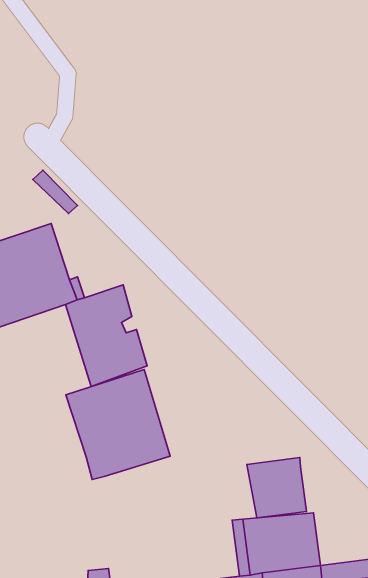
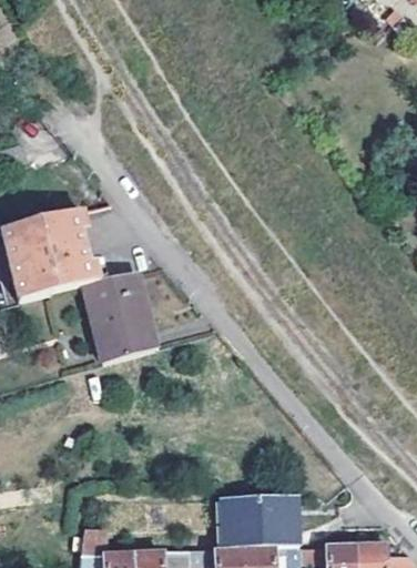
building: [66,370,170,480] -> none
building: [247,458,307,518] -> none

